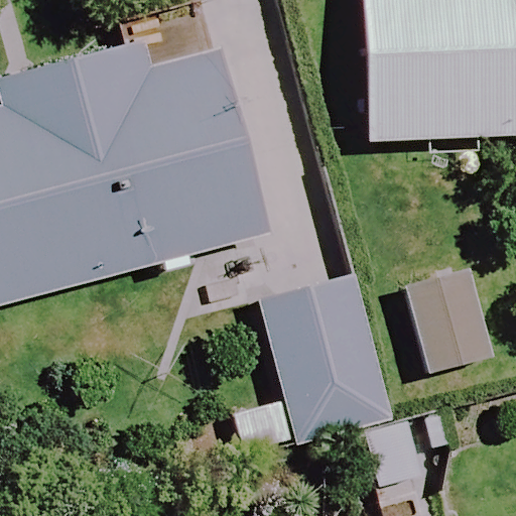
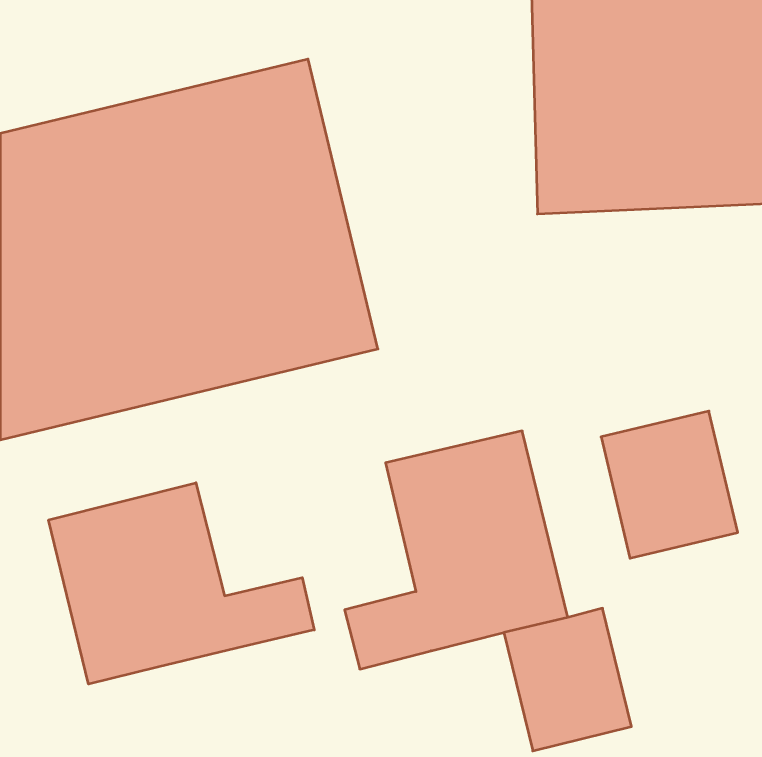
building: none -> [49,483,314,684]

